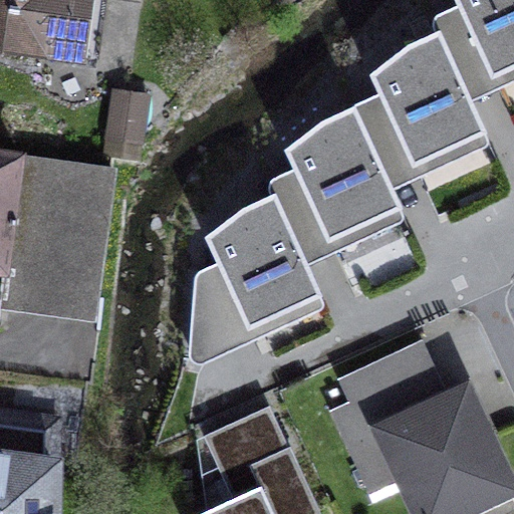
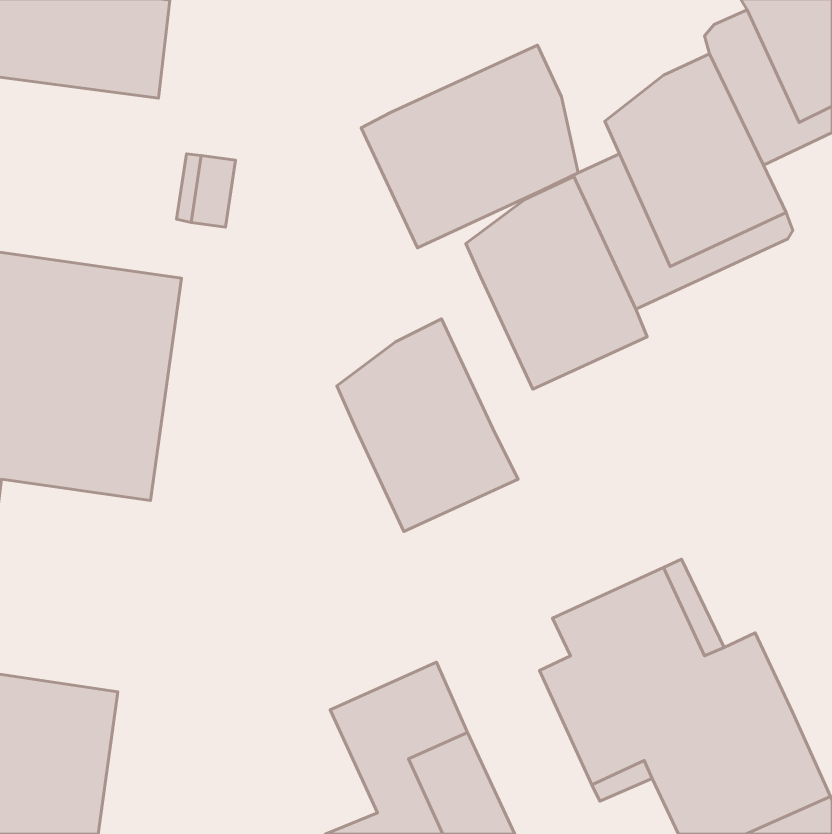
building: none -> [361,45,578,248]
building: [269,170,401,266] -> none
building: [191,264,322,362] -> none

